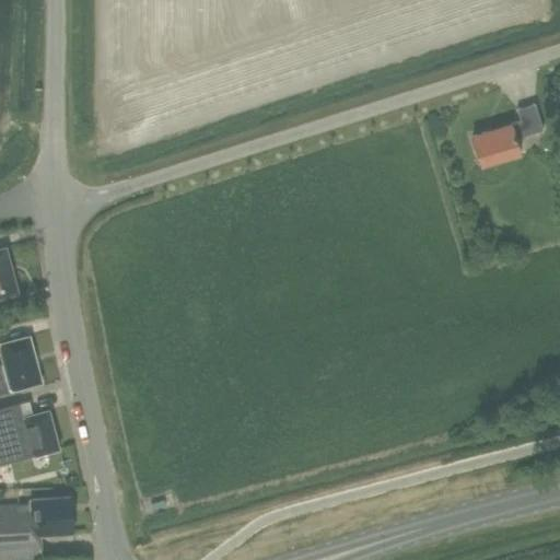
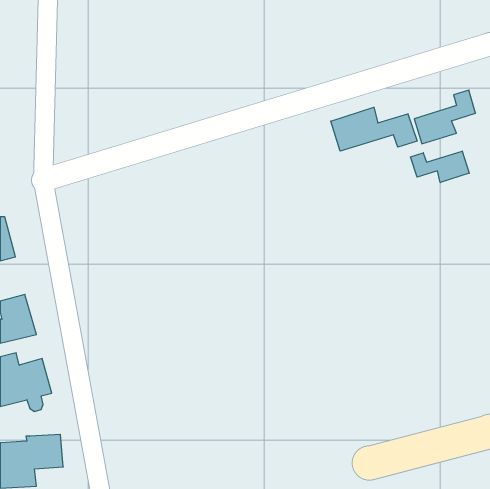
building: none -> [331,107,417,151]
building: none -> [410,151,469,183]

